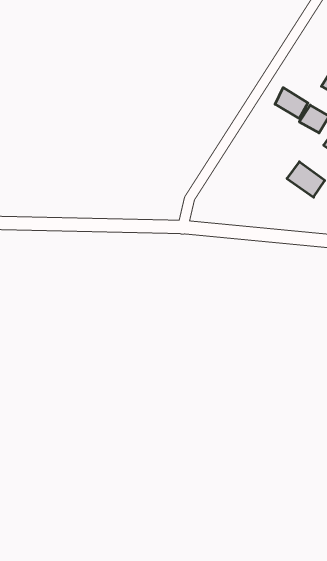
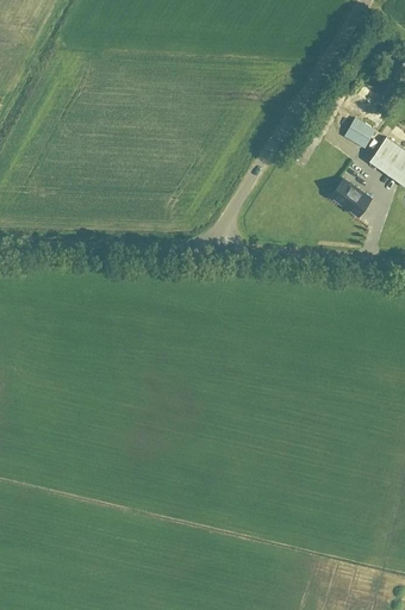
building: [275,88,308,118] -> none

